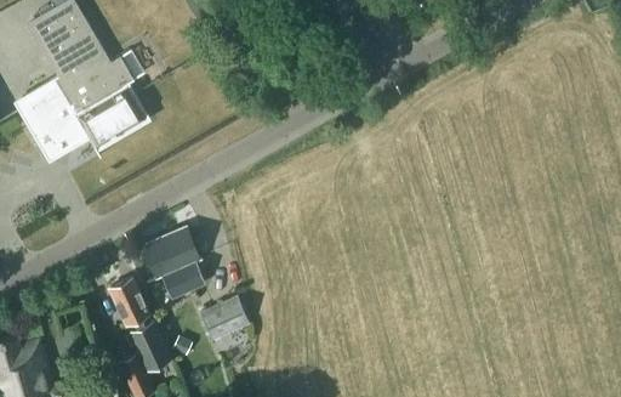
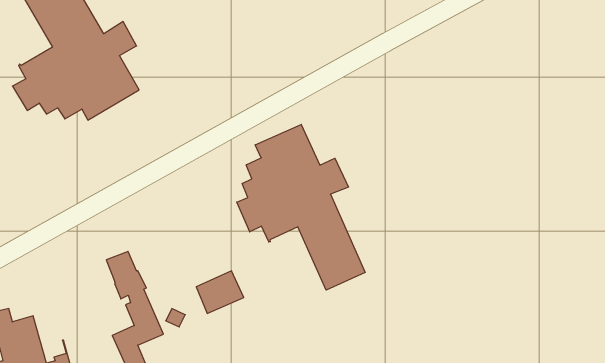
building: none -> [237,124,365,290]
building: [144,229,205,300] -> none

